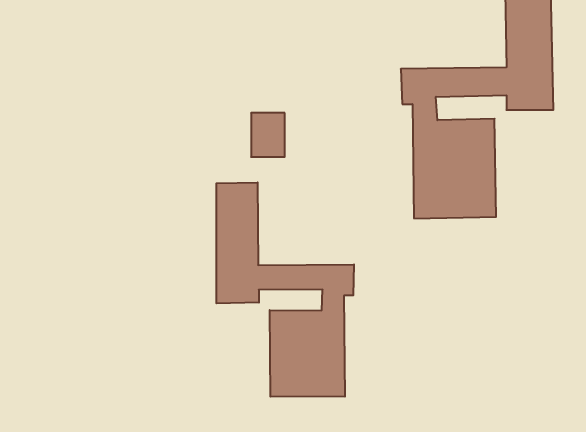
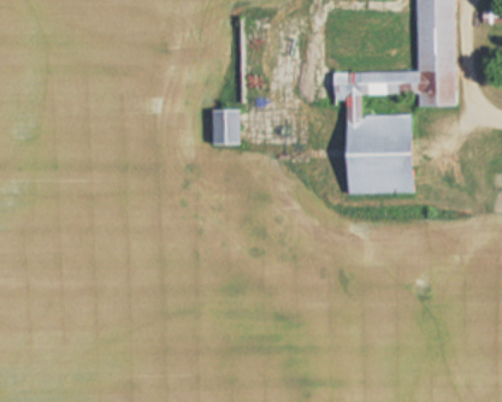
building: [216,182,354,397] -> none

